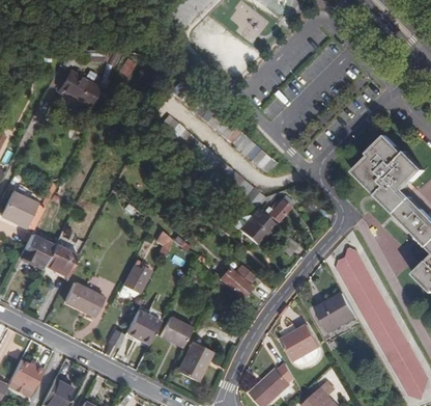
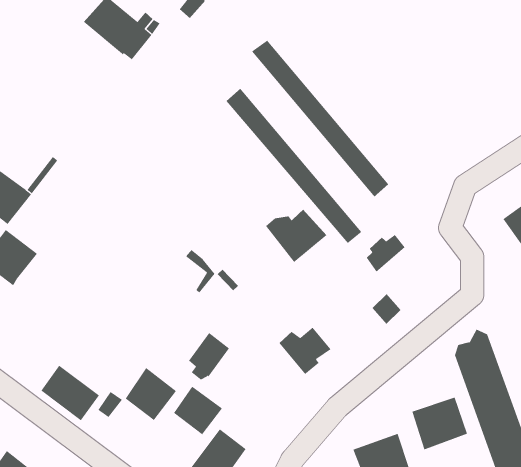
building: [234,208,276,244] -> [265,209,327,263]
building: [44,242,79,276] -> none
building: [123,263,149,295] -> [188,332,230,380]
building: [64,282,104,317] -> [40,365,100,421]

